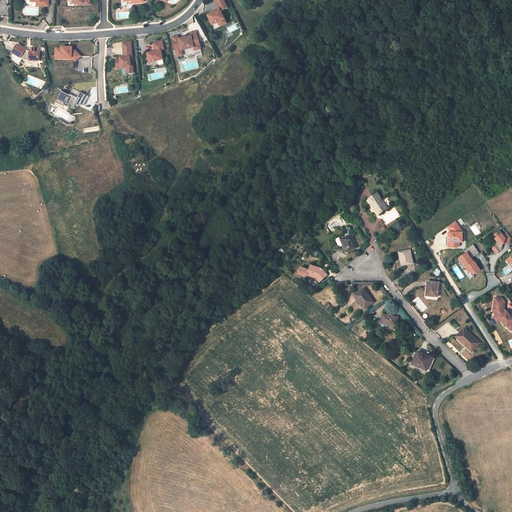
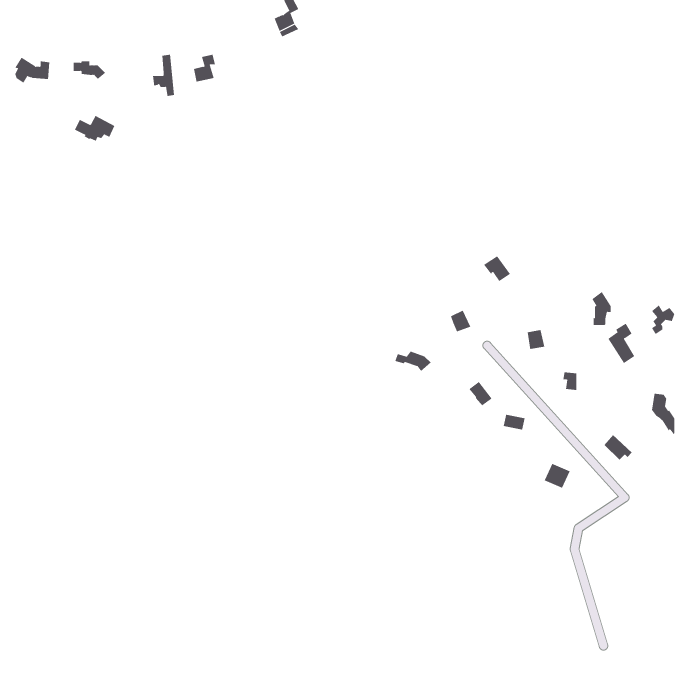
building: [172,30,200,51] -> none

